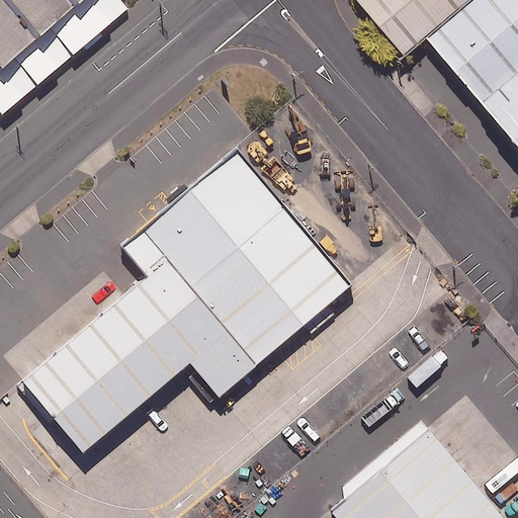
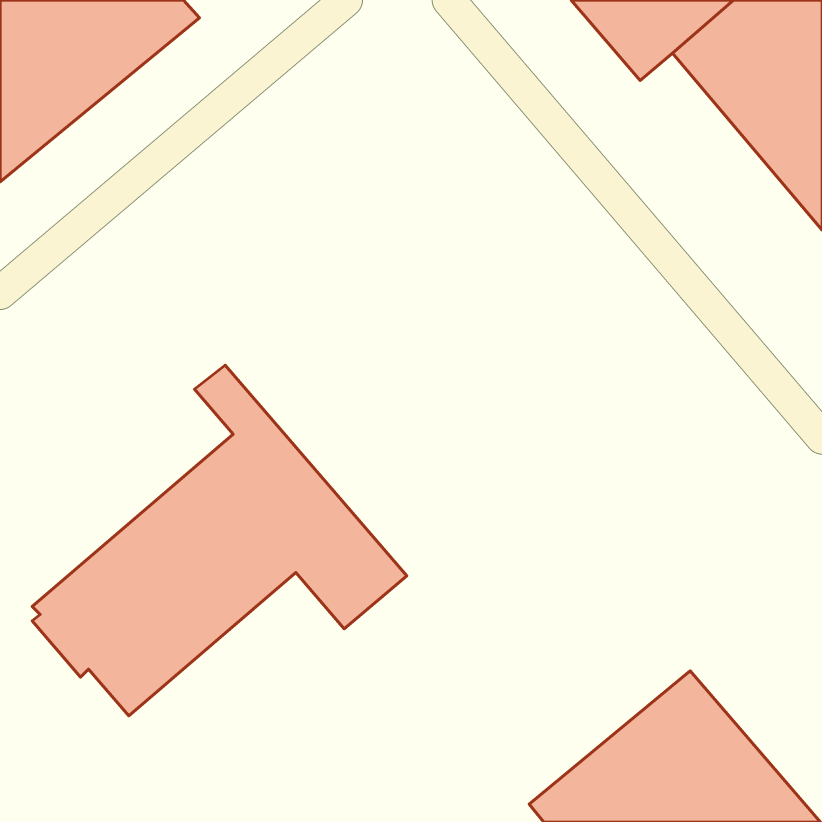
building: [142,153,348,362] -> none

